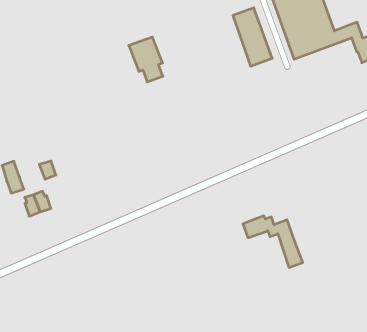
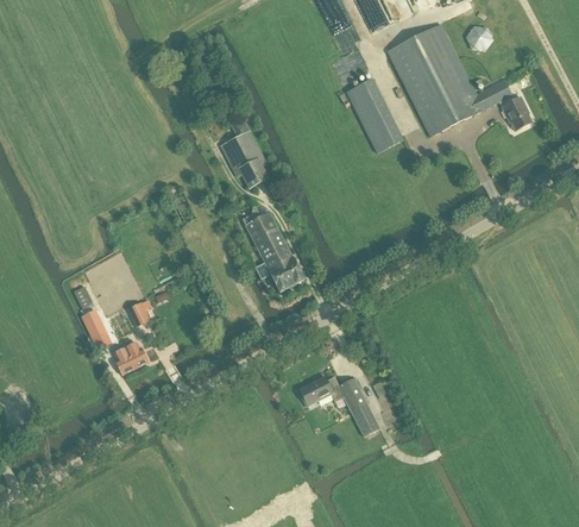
building: none -> [243,205,303,291]
building: [243,216,303,267] -> [298,375,379,435]

